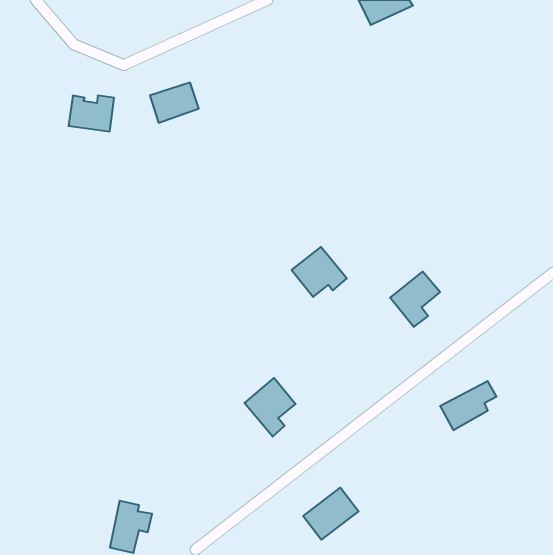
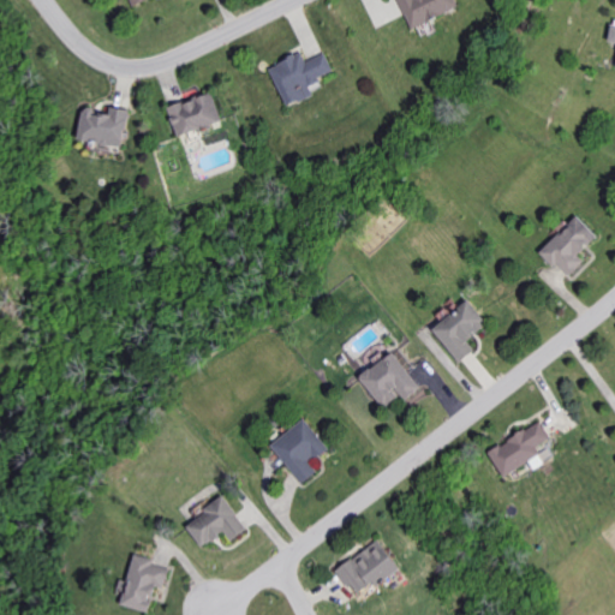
building: none -> [267,52,332,106]
building: none -> [538,215,596,275]
building: [292,247,347,297] -> [358,352,419,407]
building: none -> [184,496,246,548]

